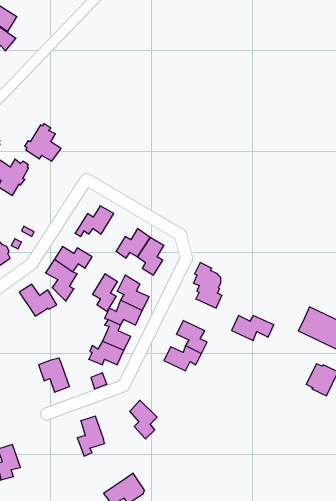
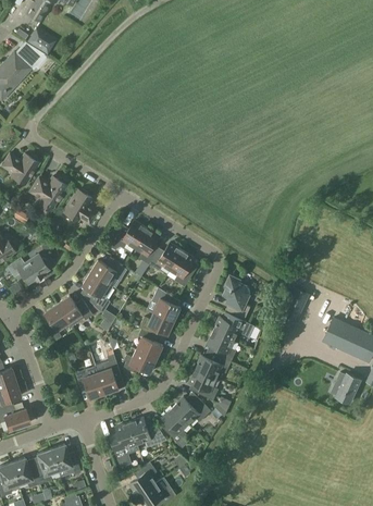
building: [25,124,61,161] -> [62,188,97,224]
building: [92,274,117,311] -> [135,229,159,264]
building: none -> [45,304,70,341]
building: [232,316,274,341] -> [213,317,253,341]
building: none -> [97,355,121,394]
building: none -> [189,369,217,400]
building: none -> [172,397,211,423]
building: none -> [129,418,164,447]
building: none -> [50,444,80,474]
building: none -> [129,462,158,496]

